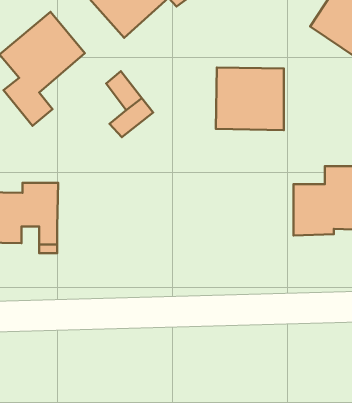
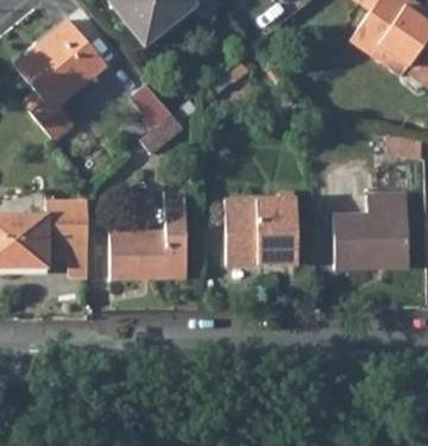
building: [216,67,284,130] -> [218,199,290,265]
building: none -> [102,193,180,276]

